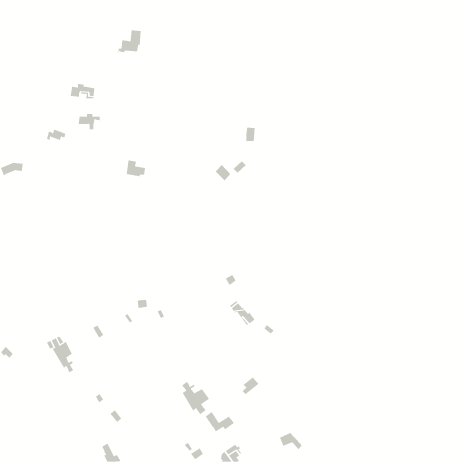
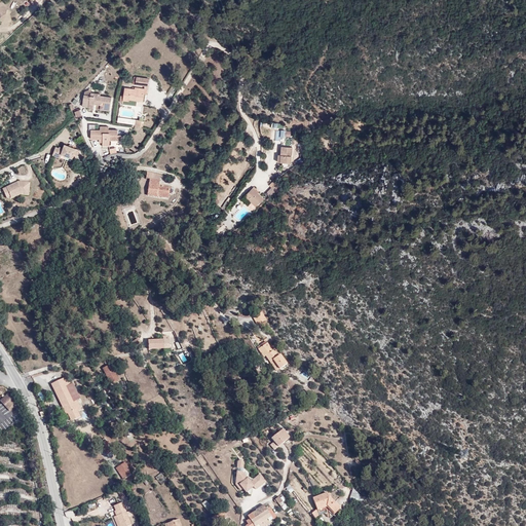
building: [118,30,142,54] -> [118,77,145,104]
building: [181,381,210,415] -> none

